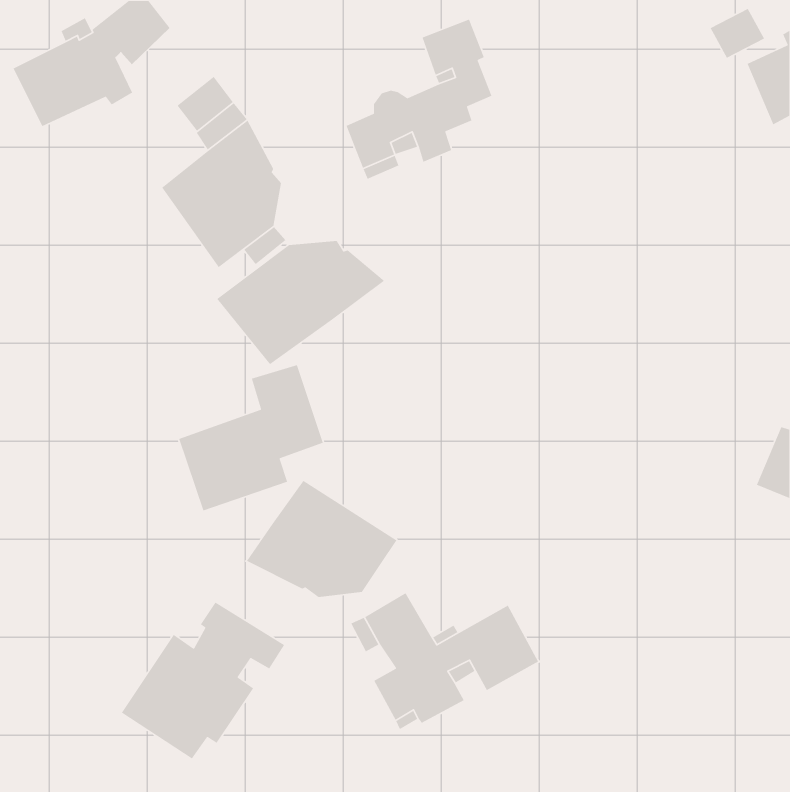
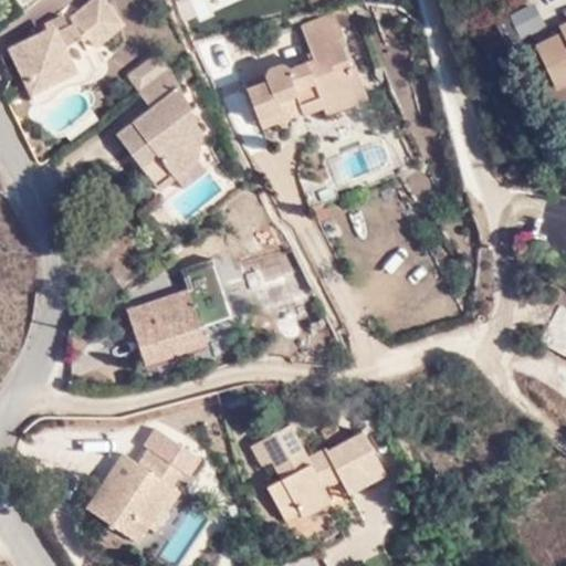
building: none -> [318,66,368,115]
building: [216,240,385,365] -> none
building: [246,480,397,598] -> none

